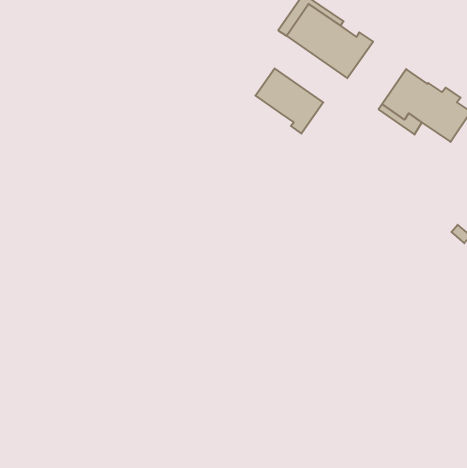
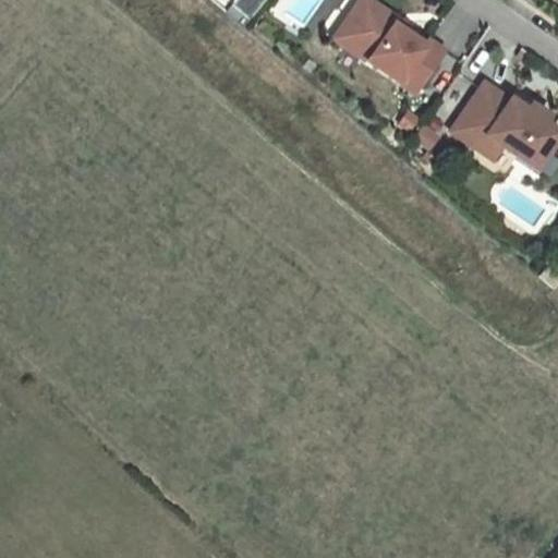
building: [255,68,323,134] -> none

